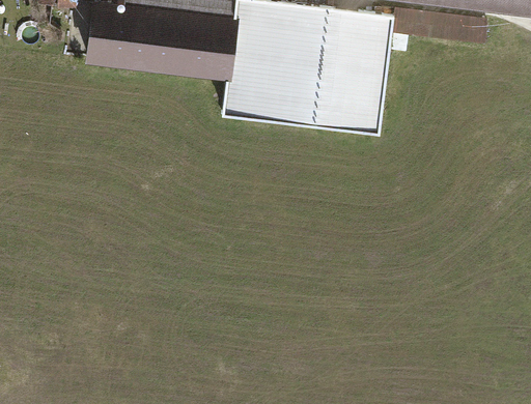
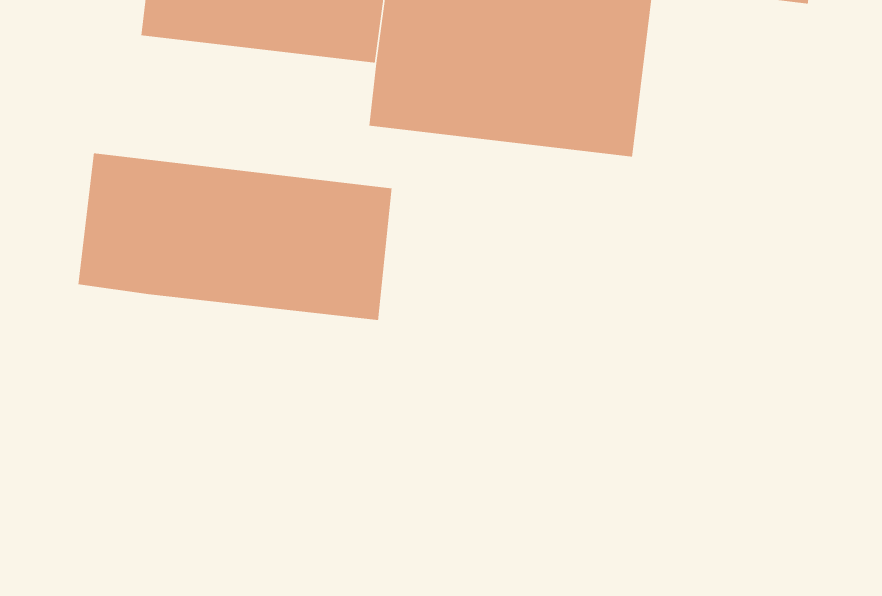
building: none -> [78,153,392,321]

